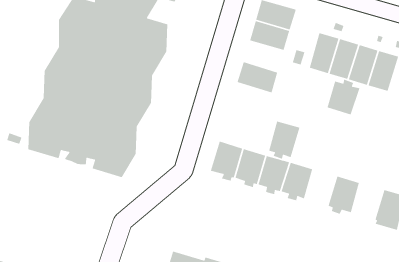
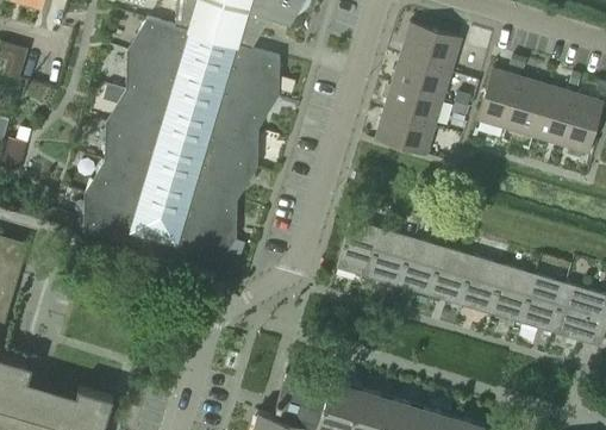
building: none -> [386,81,443,125]
building: [326,79,360,115] -> none
building: [268,120,300,160] -> [471,260,517,314]
building: none -> [537,279,582,332]

